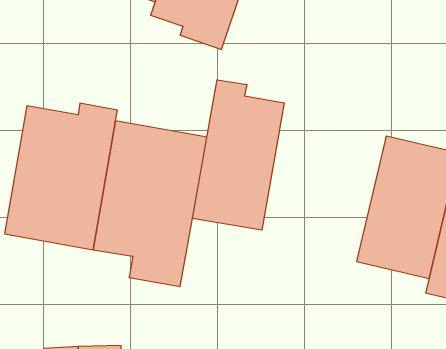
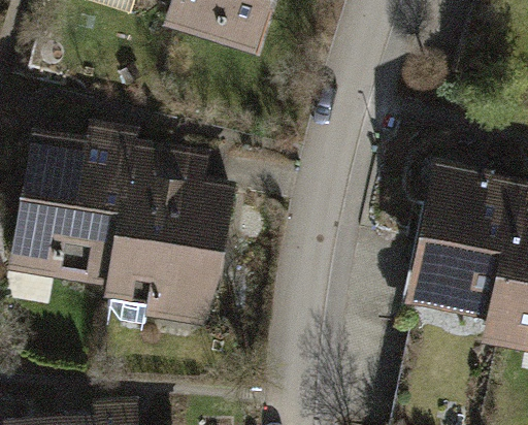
building: [193,80,284,230] -> none

